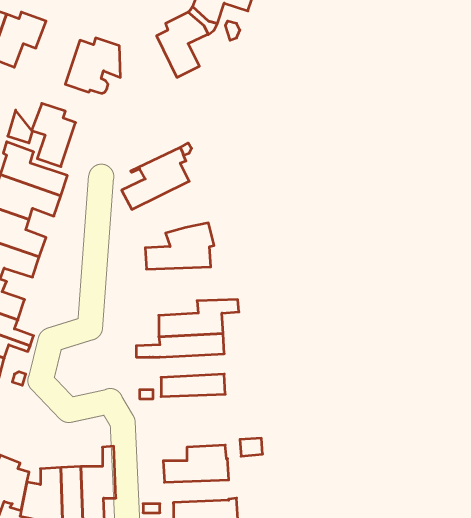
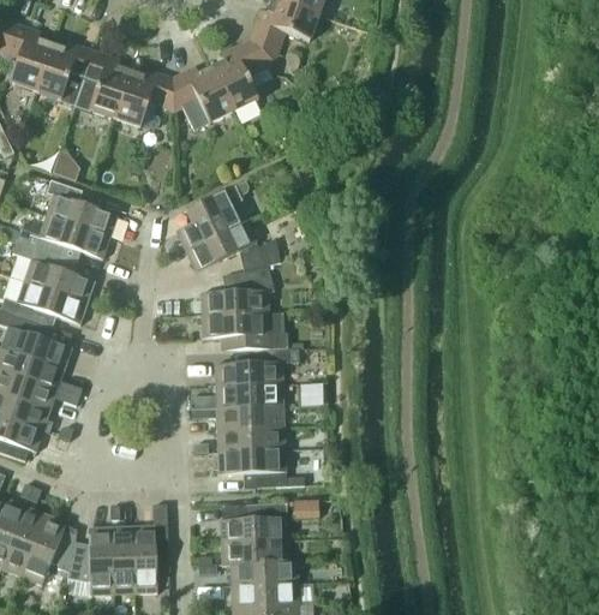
building: none -> [172,66,233,123]
building: [32,103,76,167] -> [83,50,130,118]
building: none -> [185,221,280,271]
building: none -> [200,312,286,350]
building: none -> [190,405,283,430]
building: none -> [216,448,304,488]
building: none -> [220,539,288,565]

